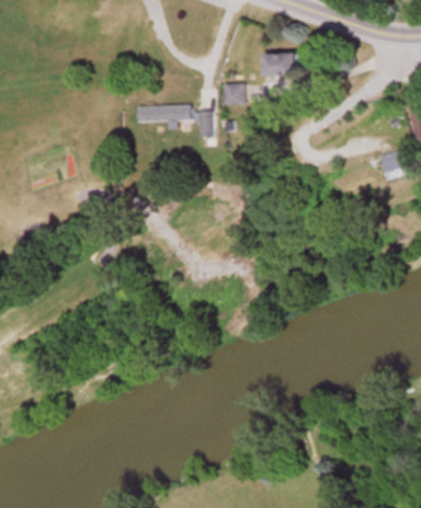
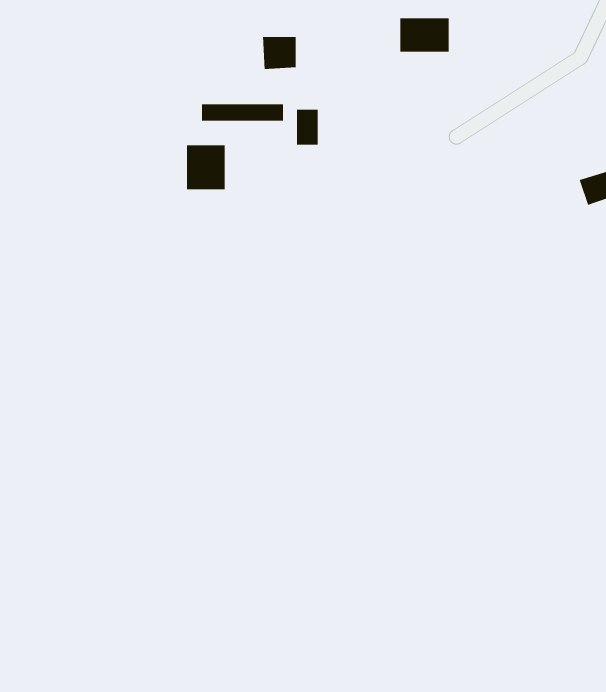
building: [223,84,244,105] -> [262,37,296,69]
building: none -> [186,145,225,190]

